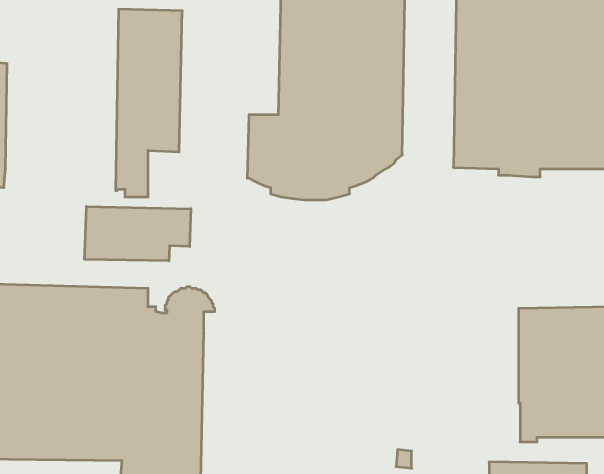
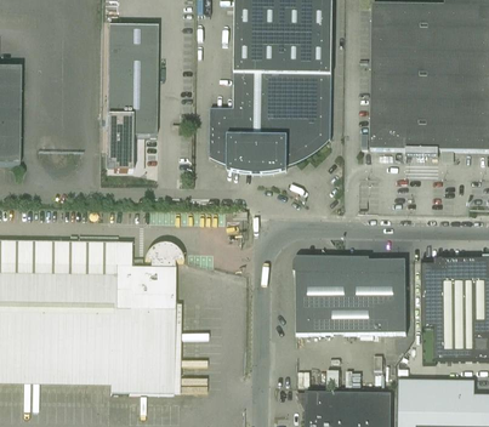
building: [85,206,191,261] -> none
building: none -> [292,255,406,332]

